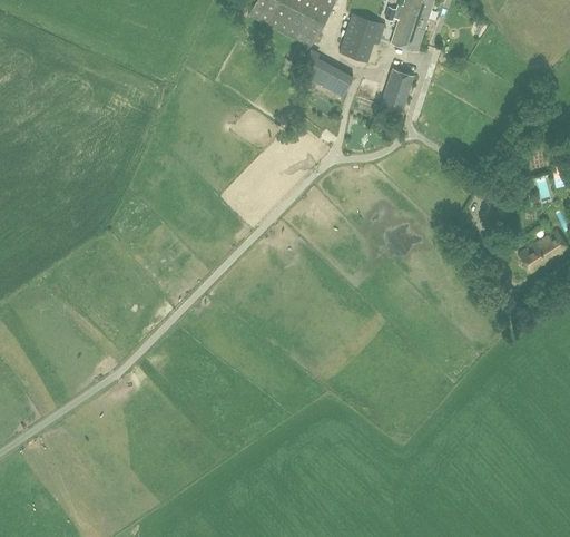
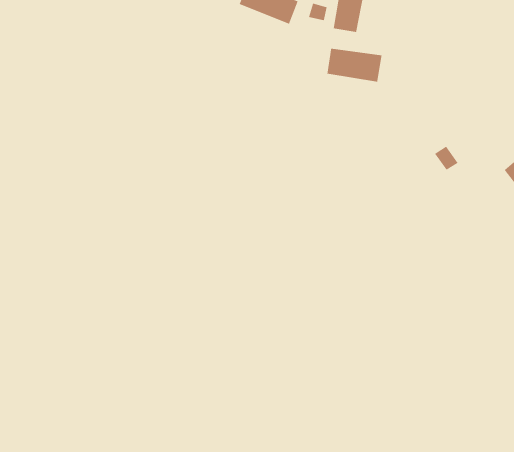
building: none -> [327,48,382,82]

